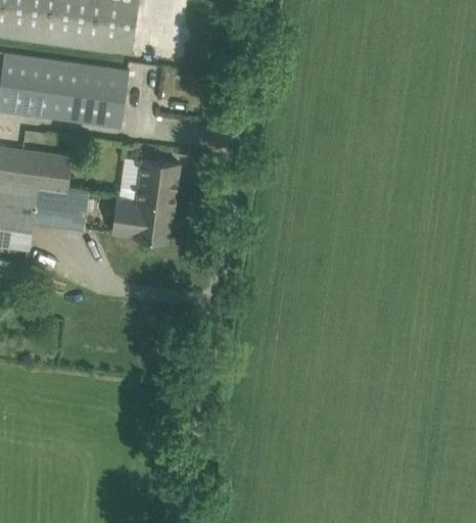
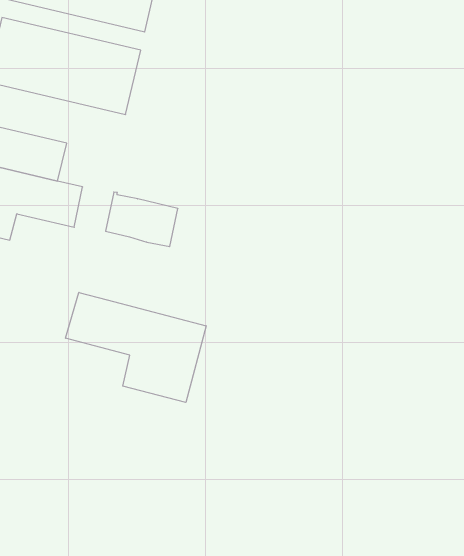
building: [120,157,179,205] -> none
building: none -> [66,292,206,402]

